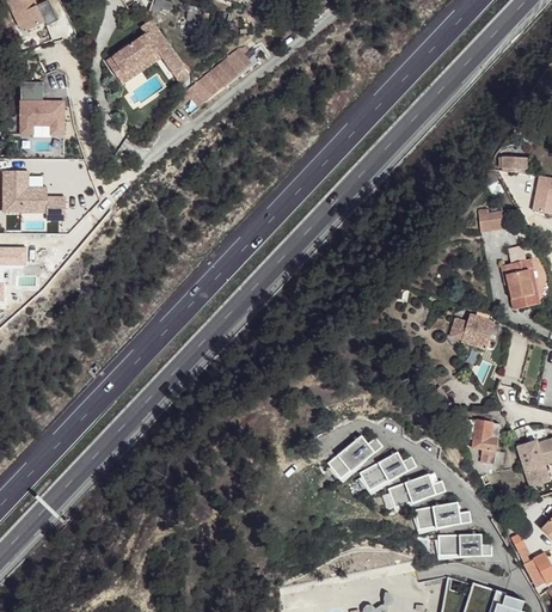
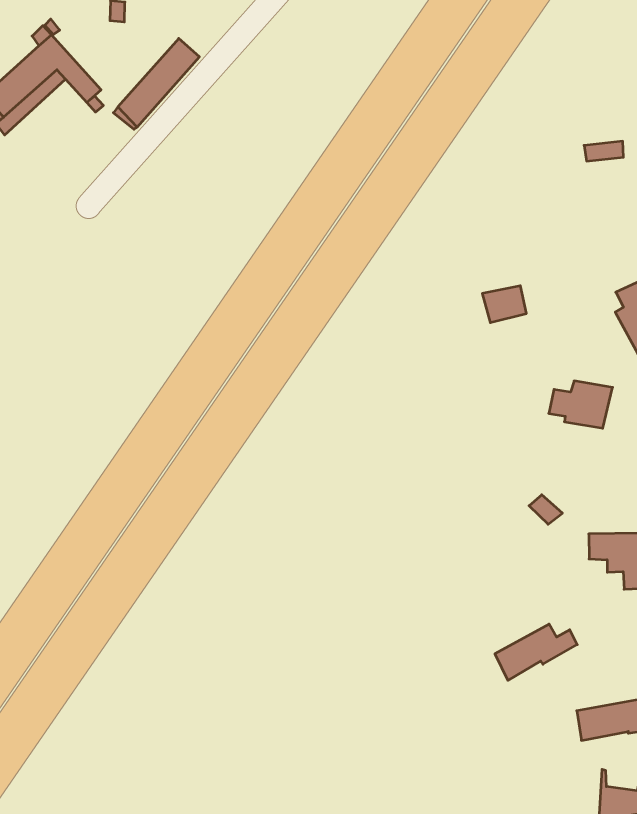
building: [477,210,504,232] -> [482,286,526,323]
building: [327,436,381,478] -> none
building: [358,453,416,490] -> none
building: [415,504,471,530] -> none

